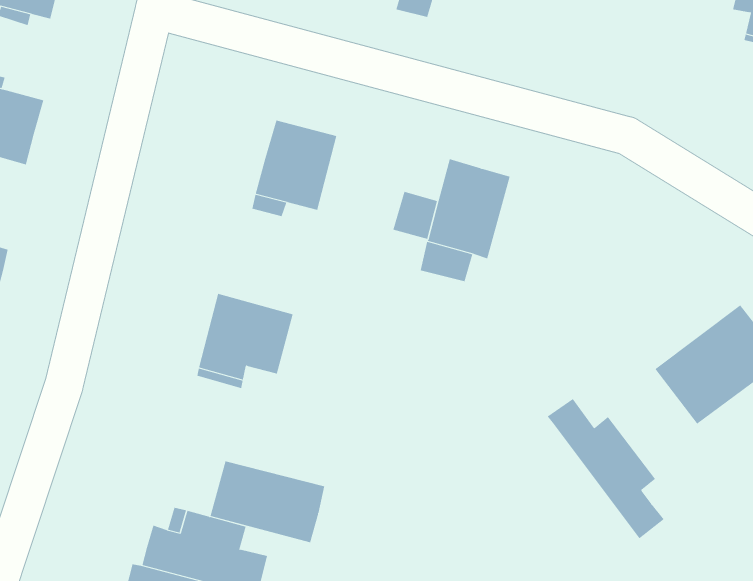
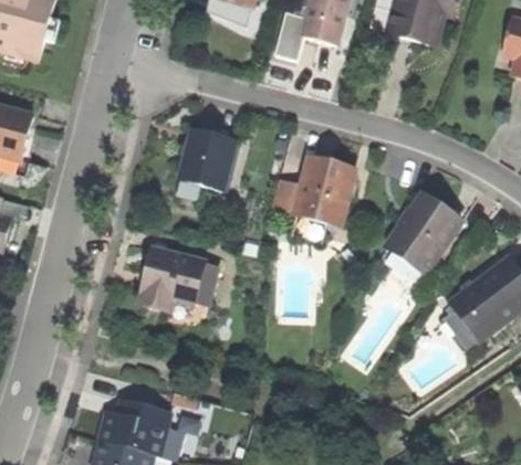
building: none -> [386,193,461,272]
building: [547,398,664,539] -> none
building: [210,461,325,543] -> none

